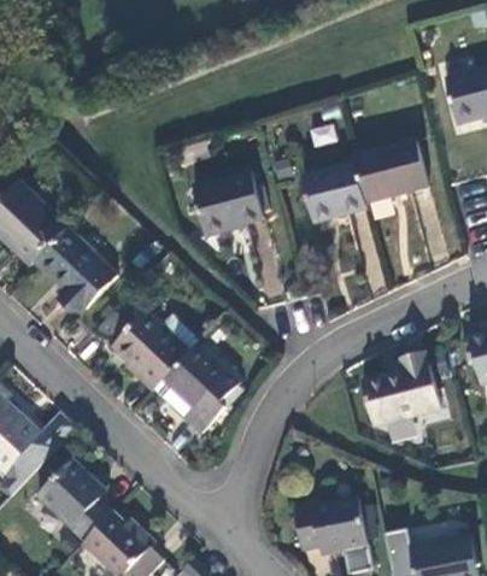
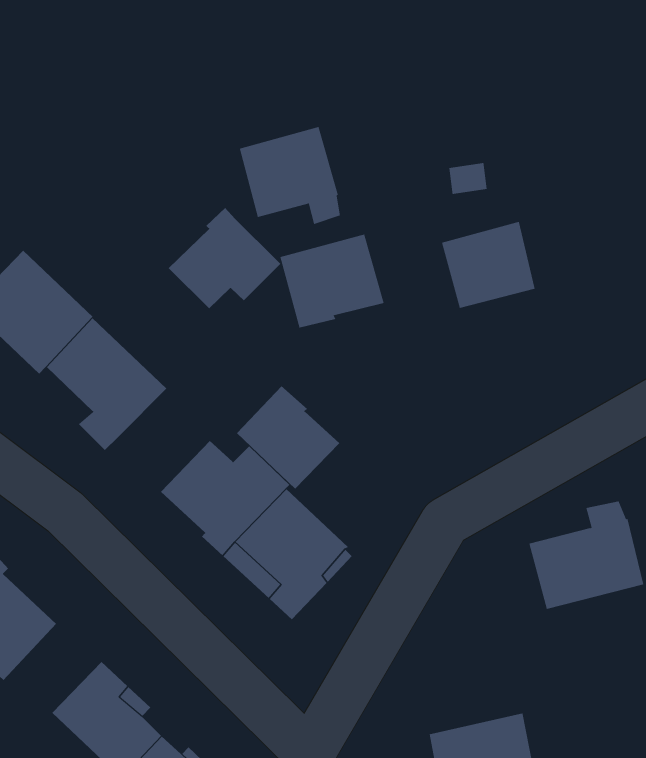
building: none -> [239,126,341,225]
building: [352,140,428,204] -> none
building: none -> [168,207,281,309]
building: none -> [236,386,340,489]

